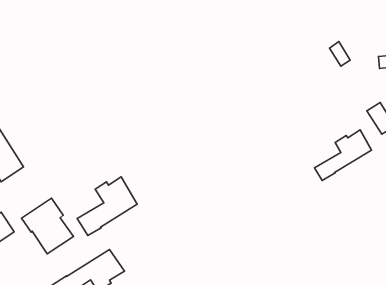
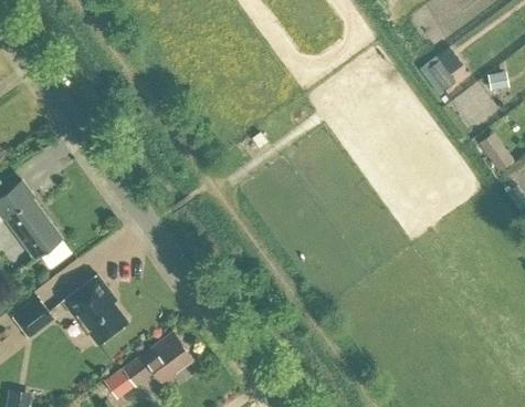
building: [314,130,372,181] -> none
building: [77,177,137,235] -> none

